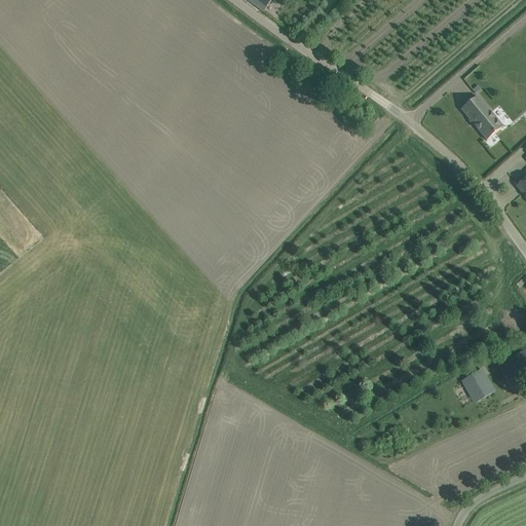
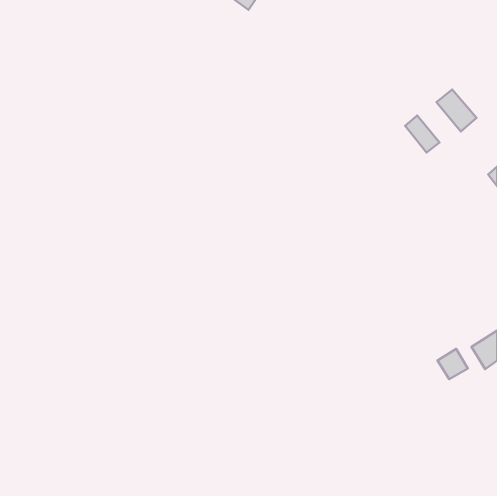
building: none -> [405,115,440,153]

